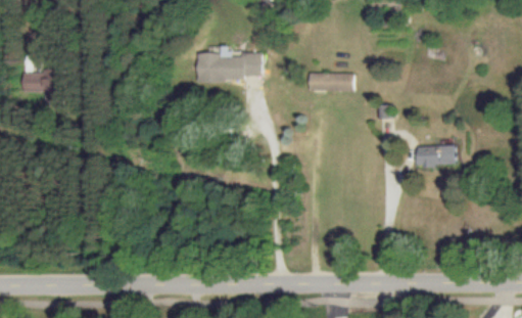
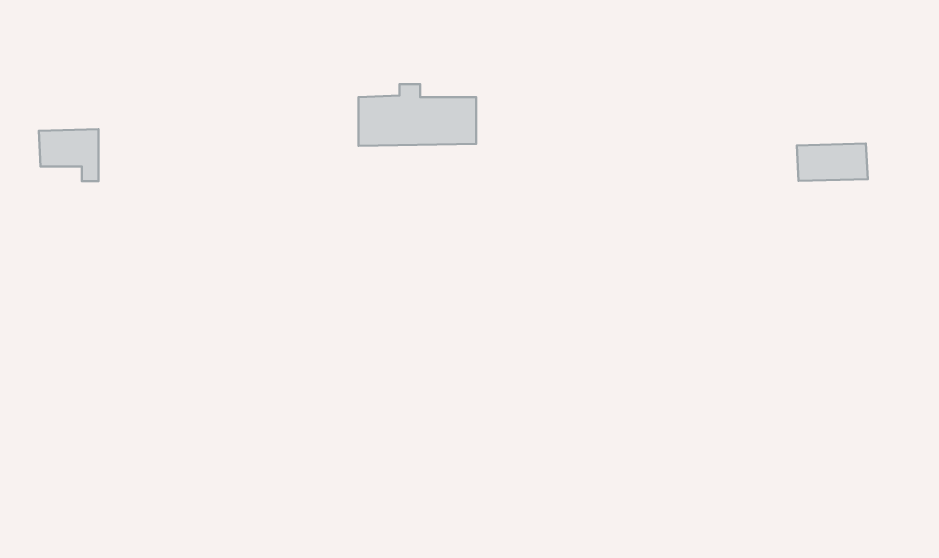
building: [309,74,352,92] -> none
building: [418,145,457,166] -> [797,144,868,181]

